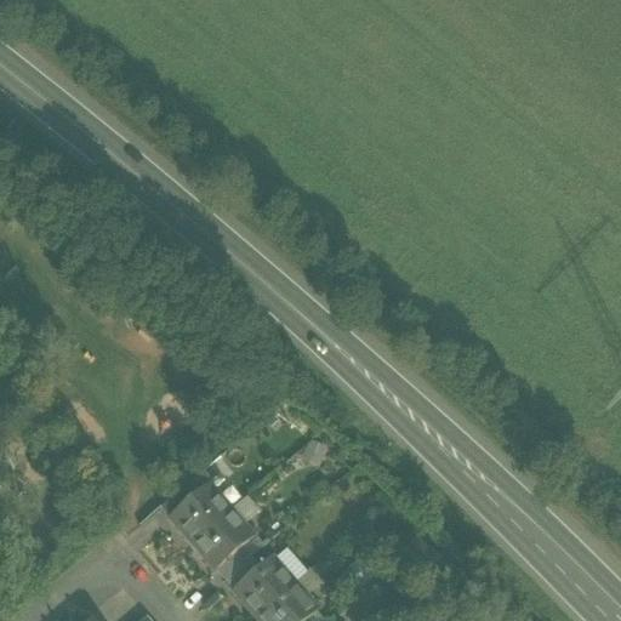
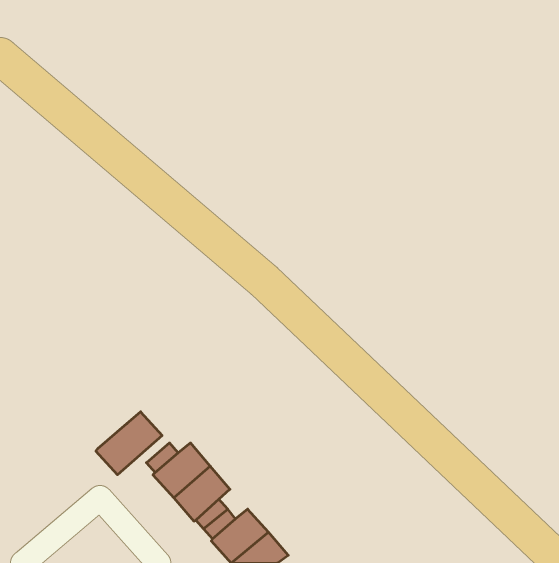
building: none -> [96,412,162,475]

